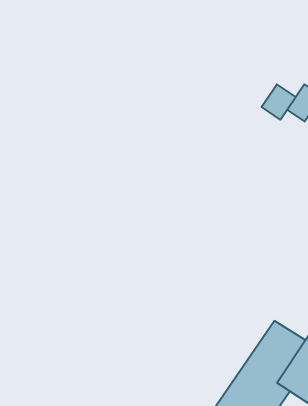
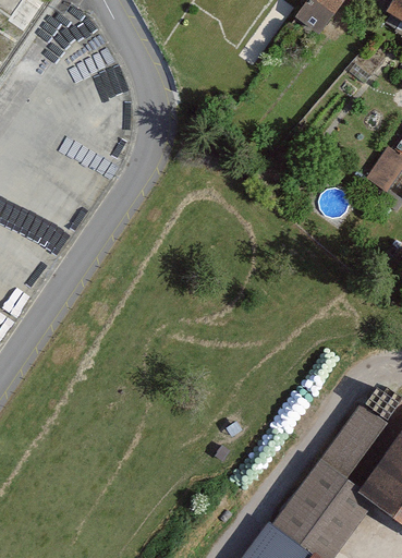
building: [262,84,296,120] -> none

